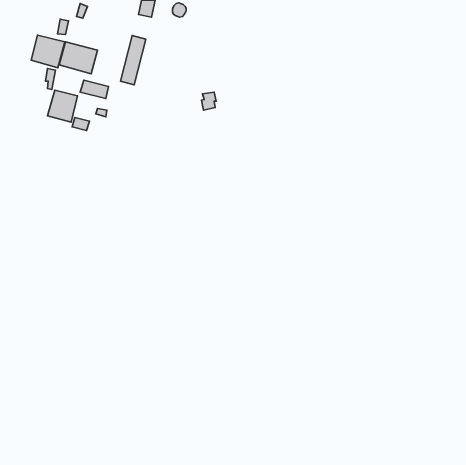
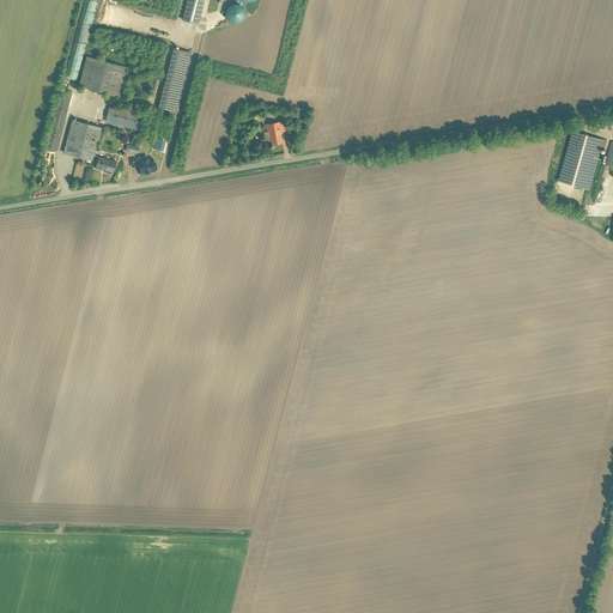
building: [31,35,65,68] -> none
building: none -> [558,131,605,190]

